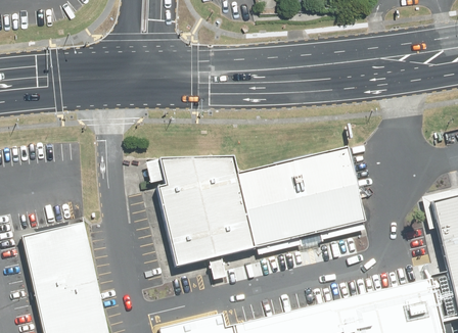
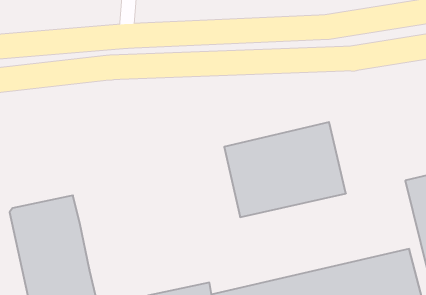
building: [153,158,257,266] -> none

